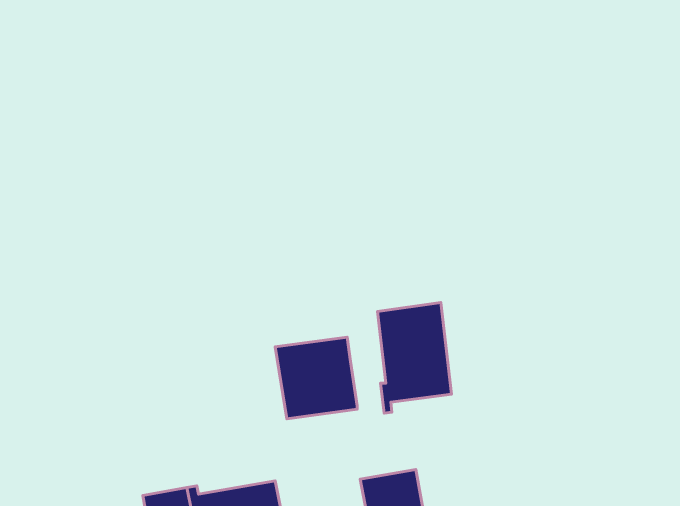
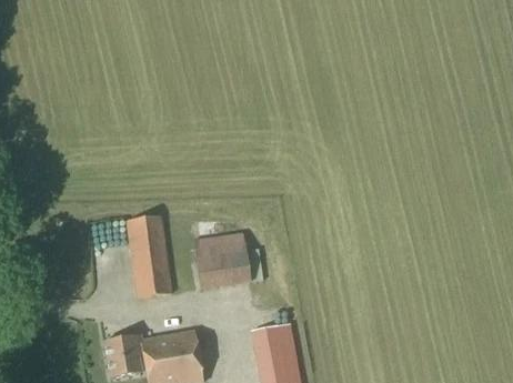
building: [377,303,452,413] -> none
building: none -> [128,215,172,298]

